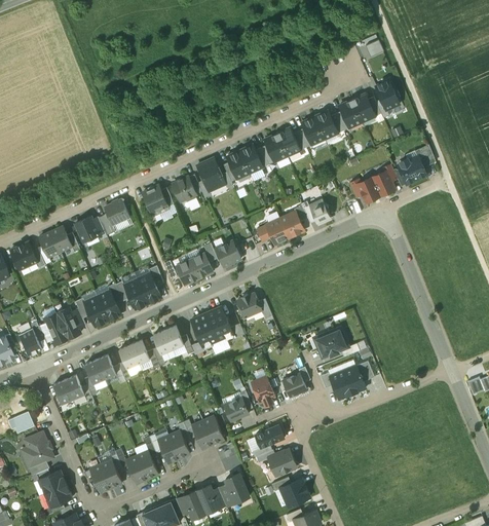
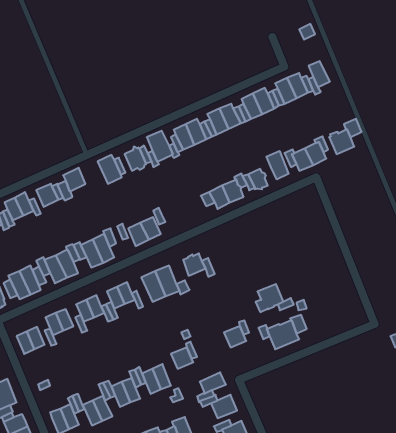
building: none -> [266,151,289,179]
building: [215,239,240,266] -> none
building: [251,376,274,405] -> none

